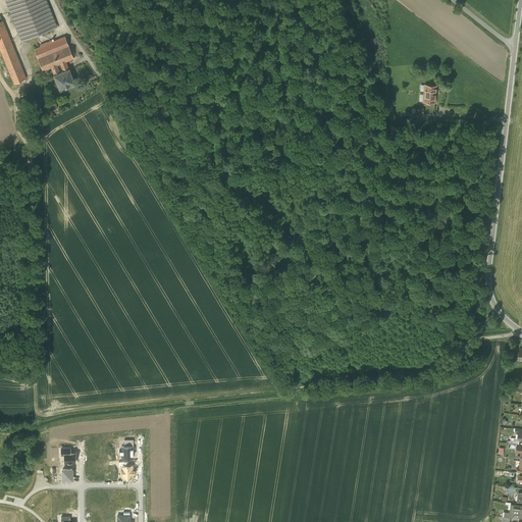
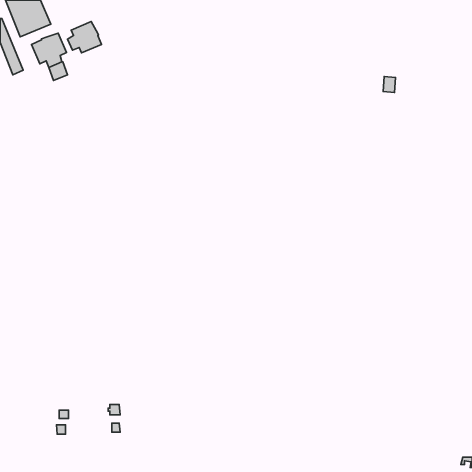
building: none -> [68,21,101,53]

